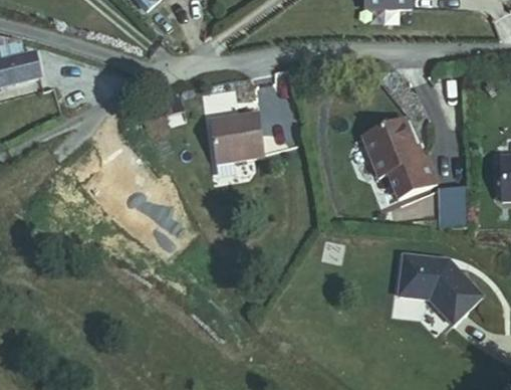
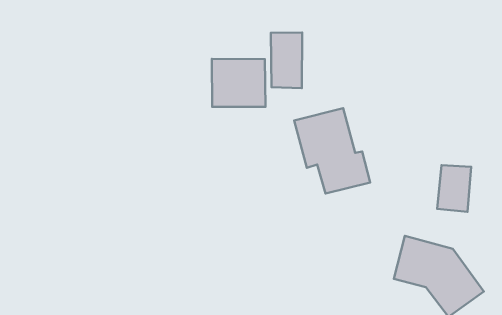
building: none -> [271,32,302,88]
building: [361,120,438,199] -> [294,108,370,193]

